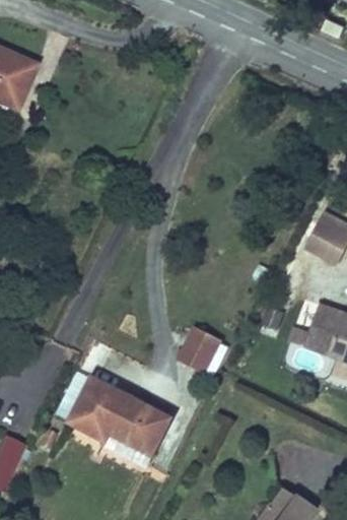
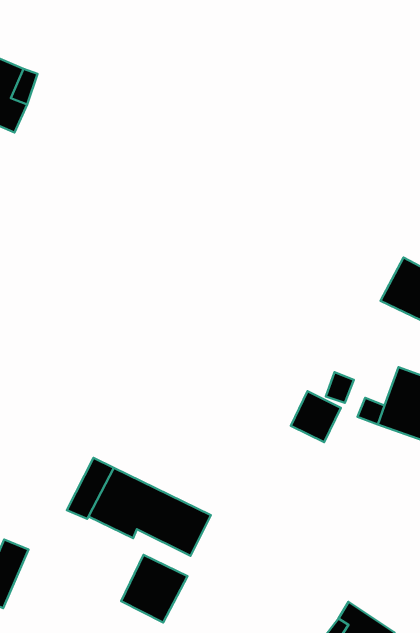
building: [180,328,219,369] -> [291,391,341,442]
building: none -> [121,555,187,622]

